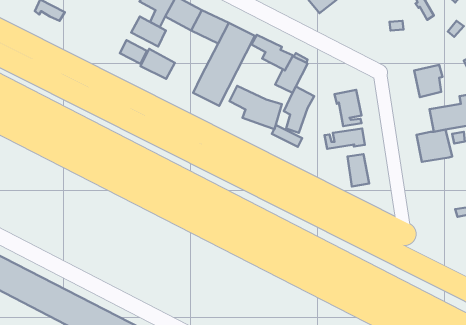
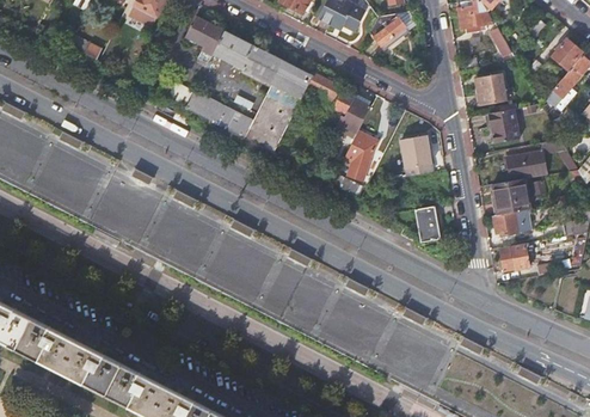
building: [131,17,166,47] -> [214,104,252,137]
building: none -> [475,73,506,104]
building: [229,86,282,129] -> none
building: [325,129,365,149] -> none
building: none -> [492,209,530,235]
building: none -> [498,243,528,270]

